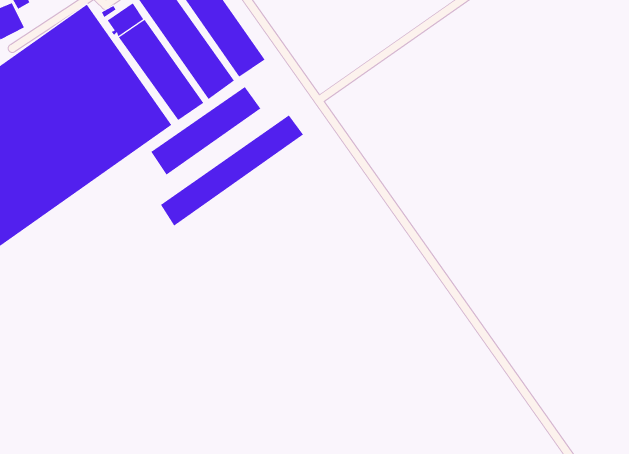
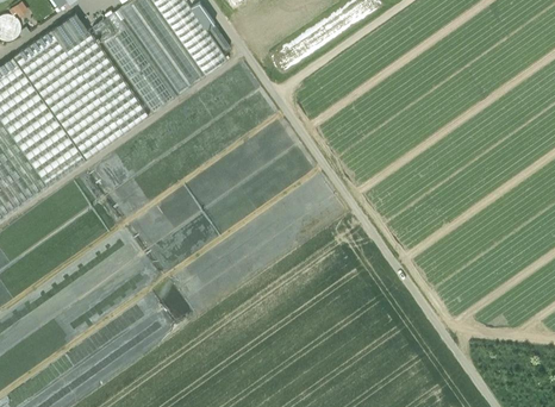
building: [151,86,261,176] -> none
building: [160,114,304,226] -> none

